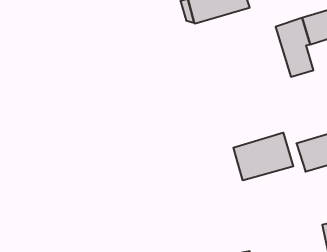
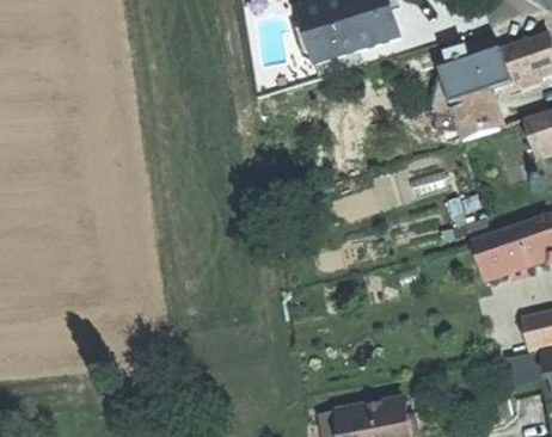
building: [233,133,293,180] -> none

